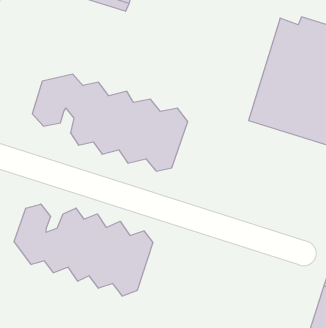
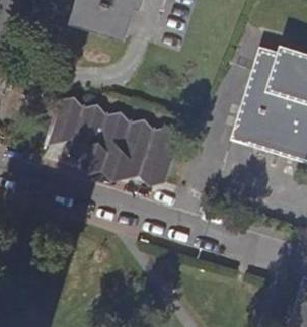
building: [14,204,153,296] -> none

